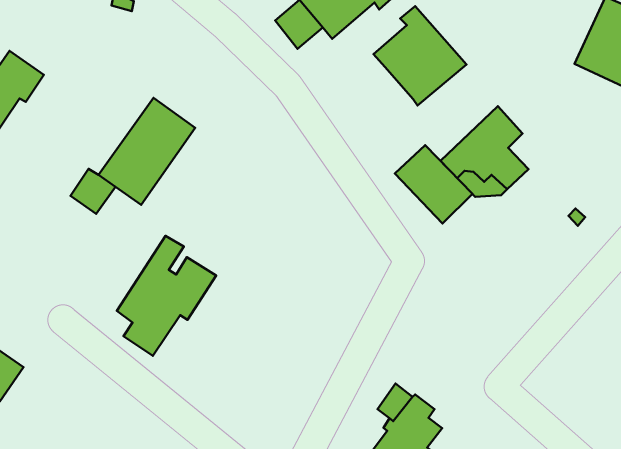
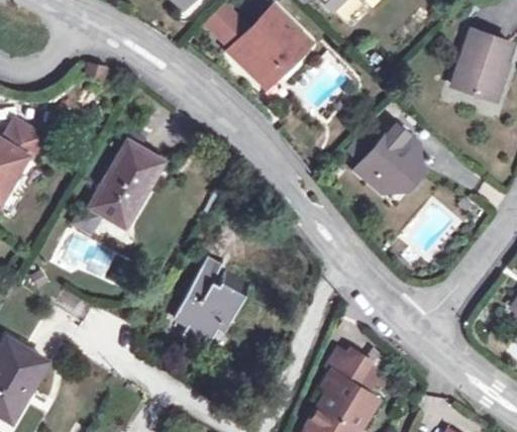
building: [373,6,466,105] -> none
building: [395,145,472,223] -> none
building: [117,236,216,356] -> [175,256,249,350]

